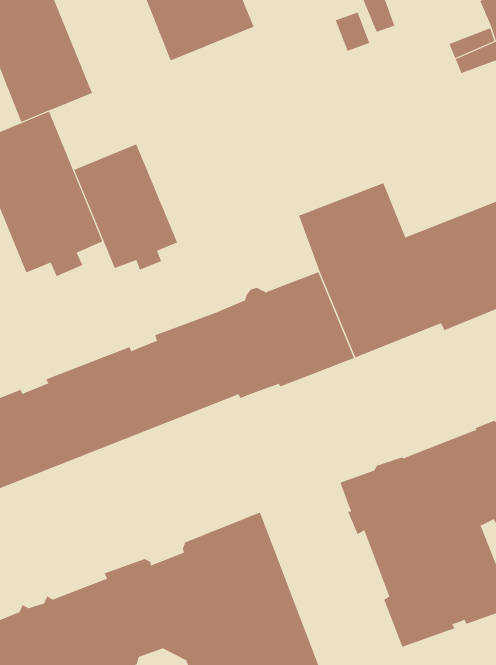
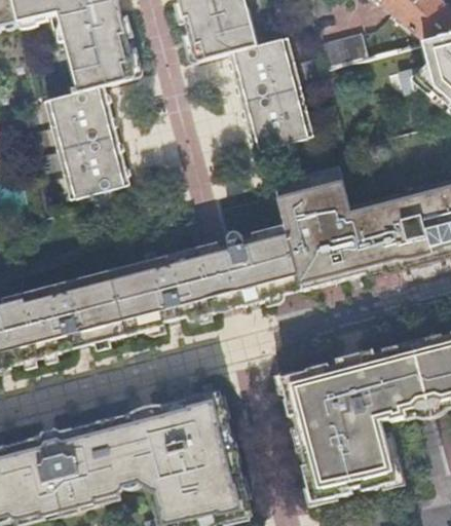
building: none -> [227,33,313,153]
building: [74,143,178,270] -> none

